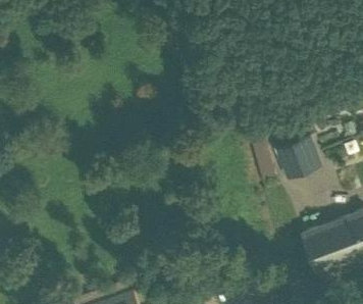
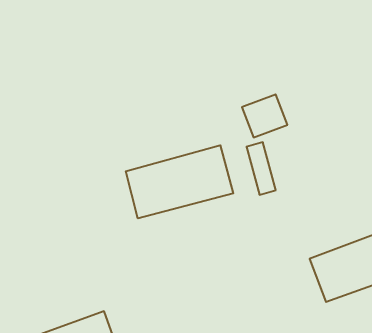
building: none -> [126,145,233,218]
building: [282,140,322,178] -> [242,94,287,137]

